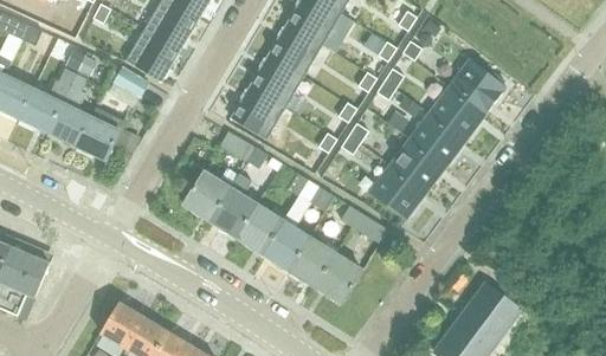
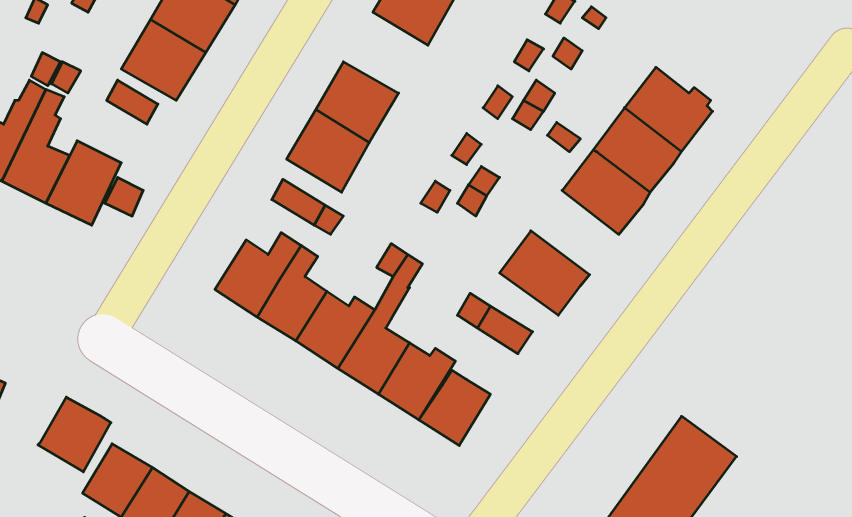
building: [267,24,322,76] -> none
building: [388,138,445,193] -> none
building: none -> [38,397,111,472]

